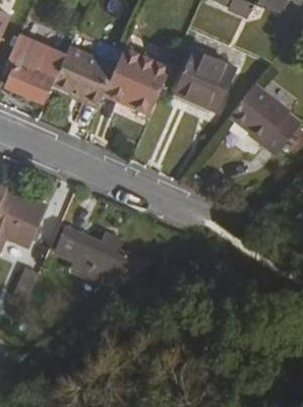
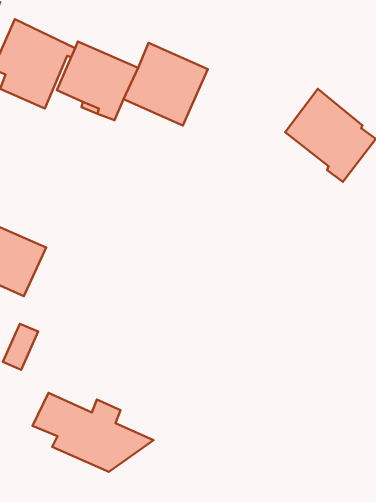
building: [160,45,236,114] -> none
building: [54,226,147,287] -> [33,393,153,472]

